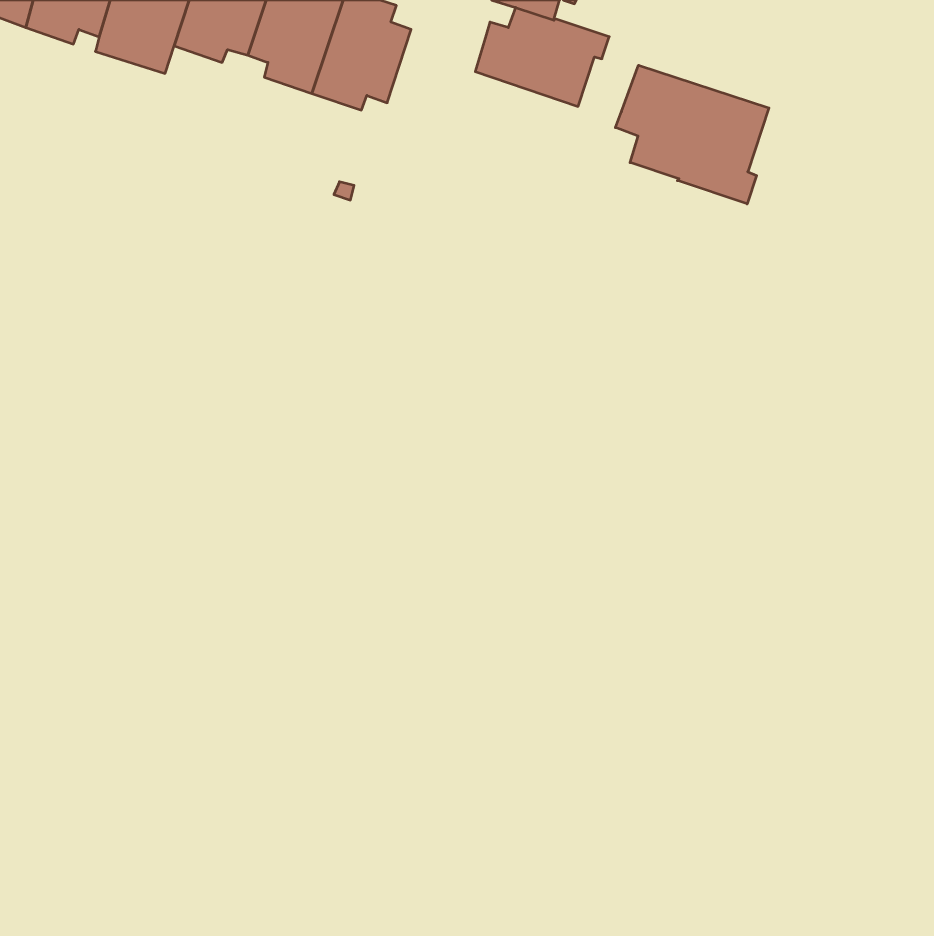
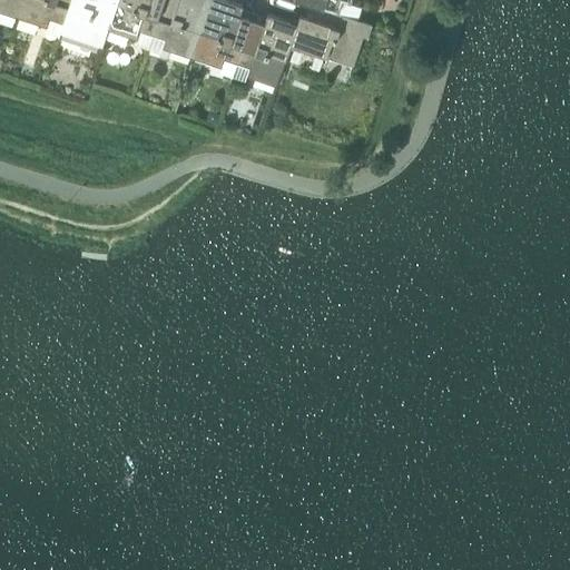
building: none -> [235,12,295,86]
building: [615,65,769,204] -> none

